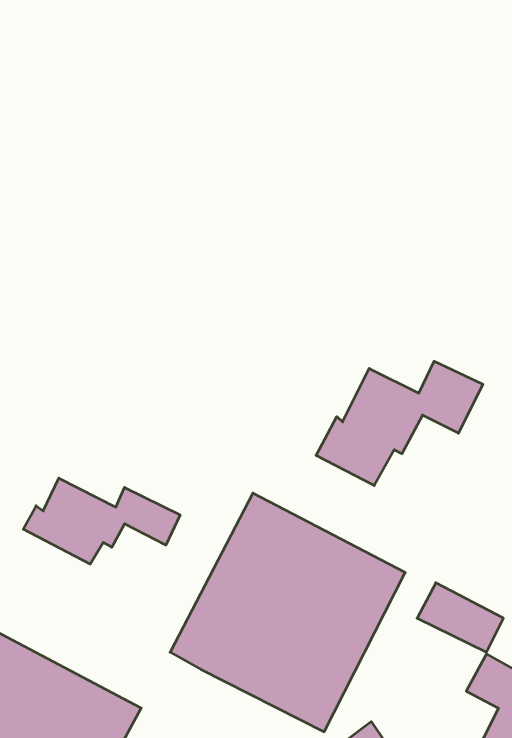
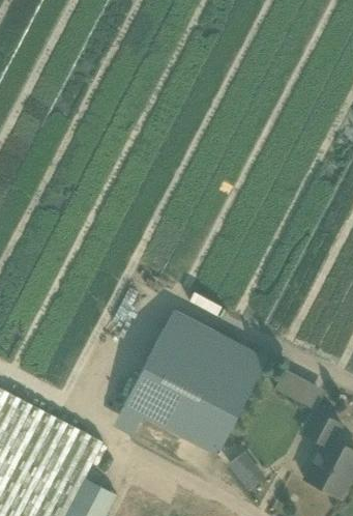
building: [316,361,483,486] -> none
building: [23,478,180,564] -> none

